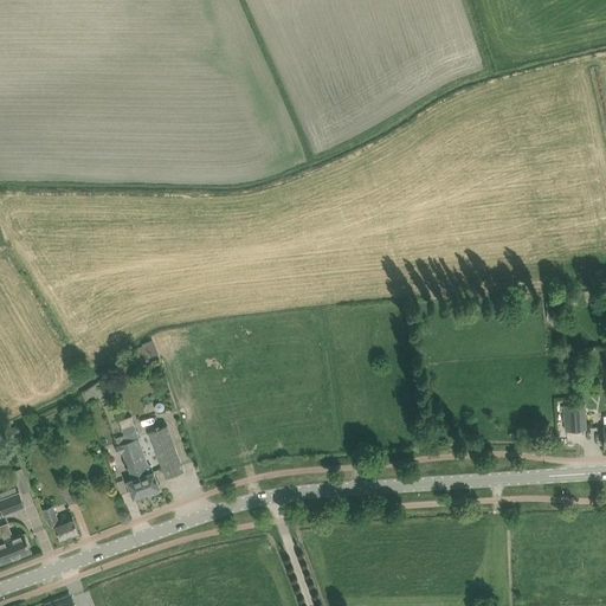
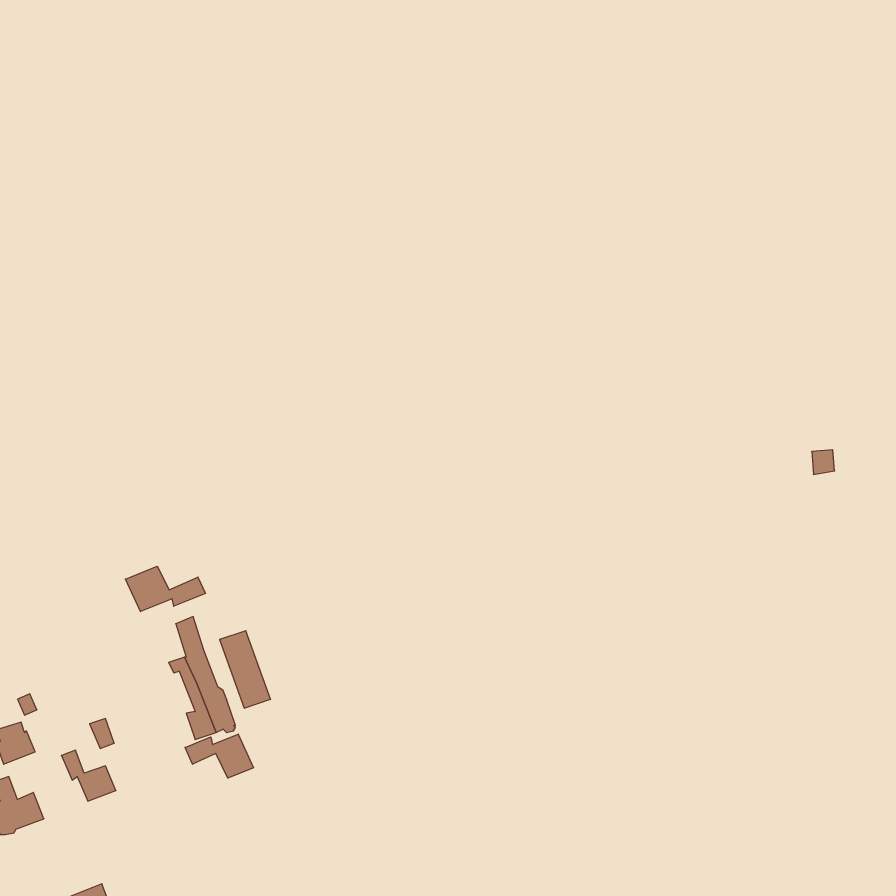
building: none -> [125,566,205,612]
building: [561,405,584,431] -> none
building: none -> [185,734,253,778]

